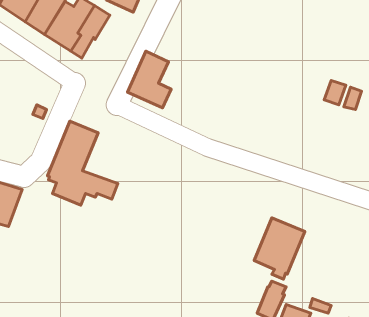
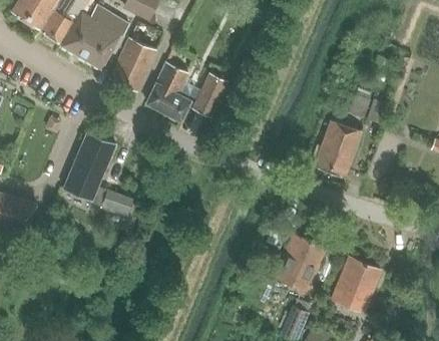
building: none -> [110,38,155,90]
building: none -> [193,73,229,117]
building: none -> [312,119,362,176]
building: none -> [330,258,378,312]

